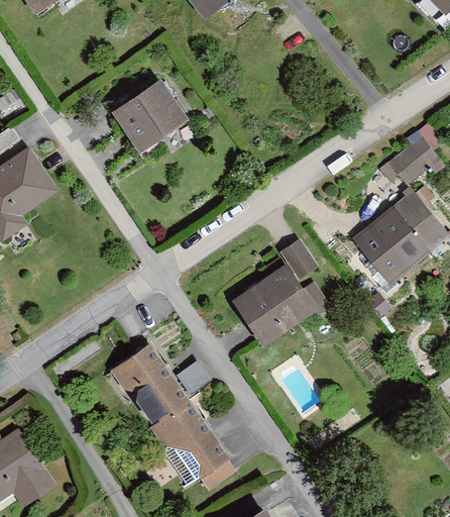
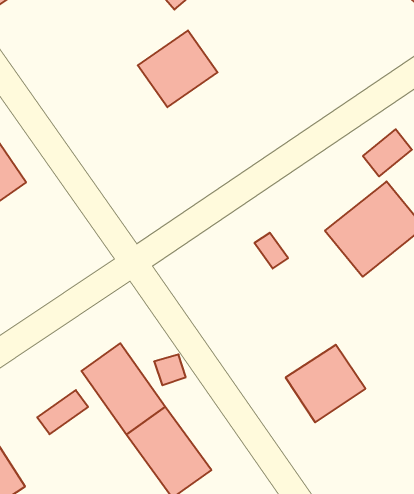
building: [107,77,186,152] -> [138,30,218,107]
building: [233,268,312,344] -> [286,345,365,422]
building: none -> [37,390,88,434]

